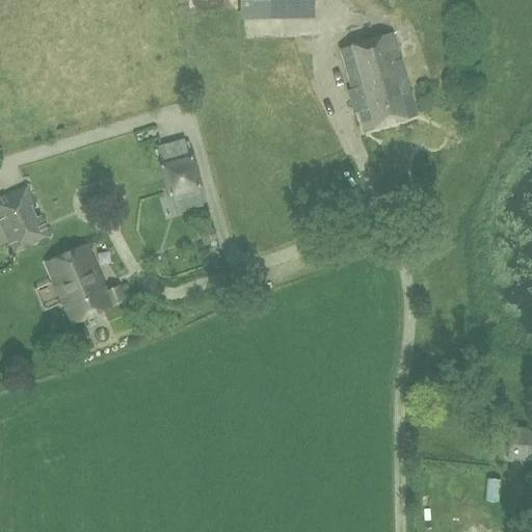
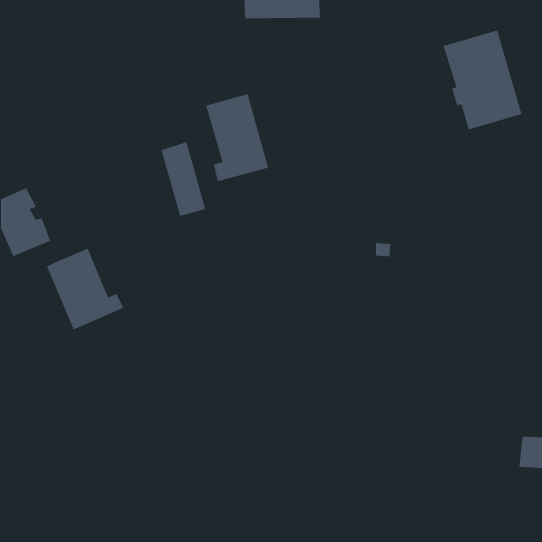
building: [338,30,416,129] -> [443,30,522,131]
building: none -> [205,93,269,182]

